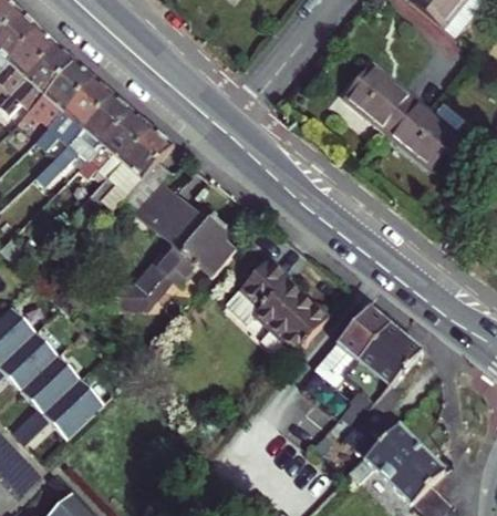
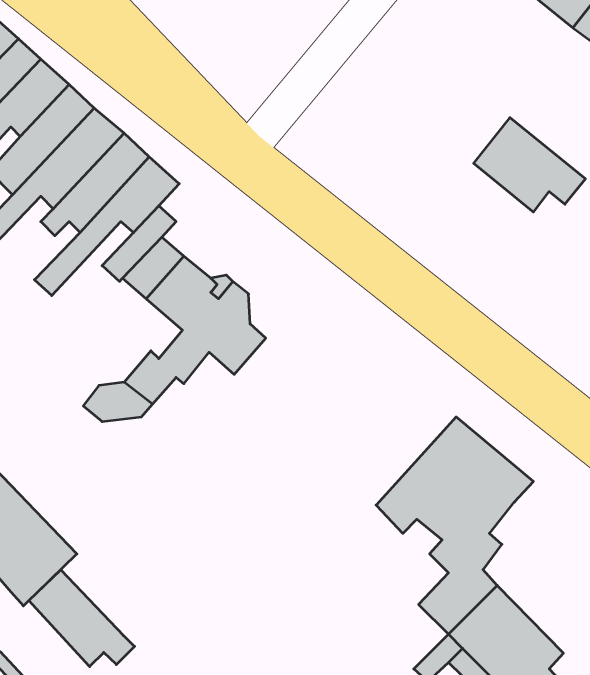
building: [339,62,408,130] -> none
building: [227,258,328,353] -> none
building: none -> [29,570,135,667]

